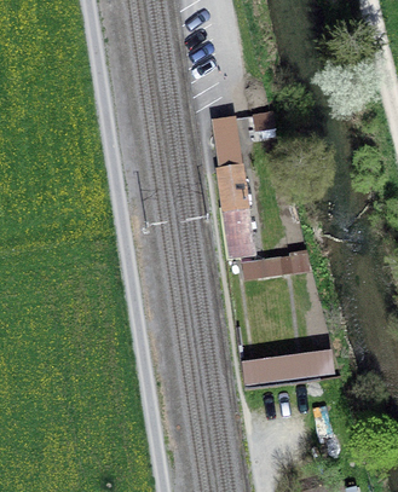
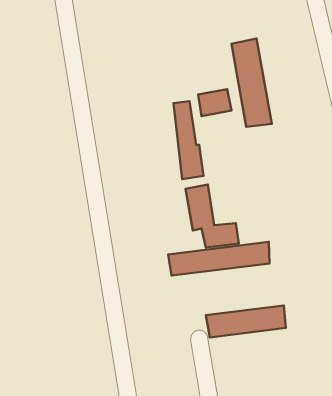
building: none -> [232,39,272,127]
building: none -> [168,242,270,275]

